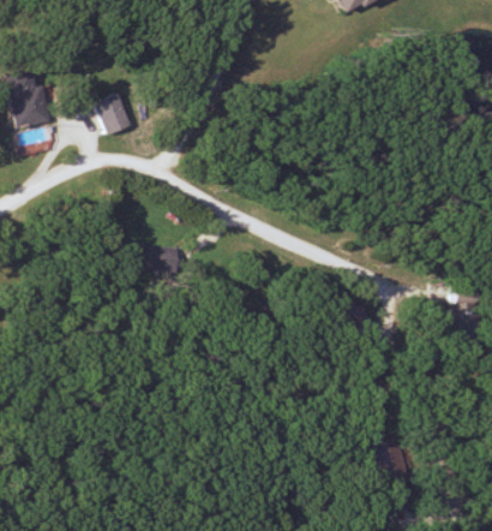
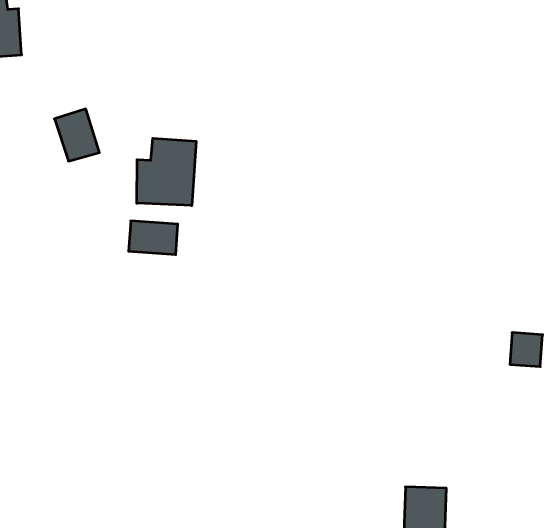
building: [94,93,131,135] -> [54,109,99,161]
building: none -> [137,138,196,206]

